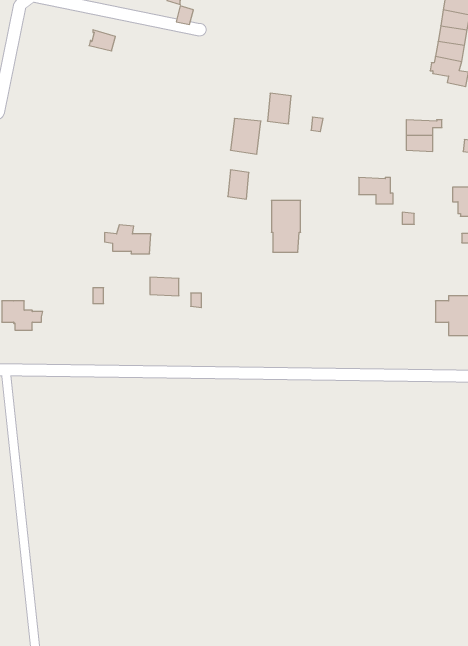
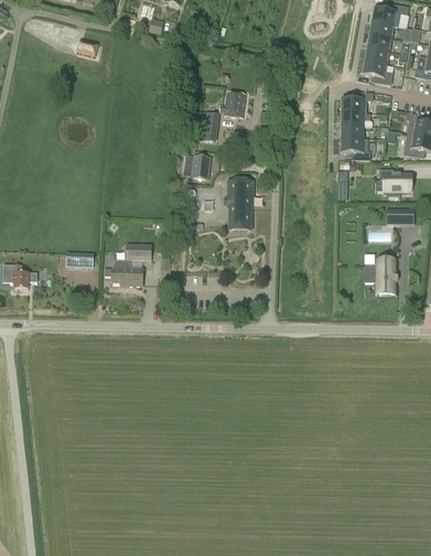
building: none -> [340,92,373,114]
building: [359,177,393,204] -> [341,138,369,160]
building: [105,225,151,254] -> [105,260,143,285]

